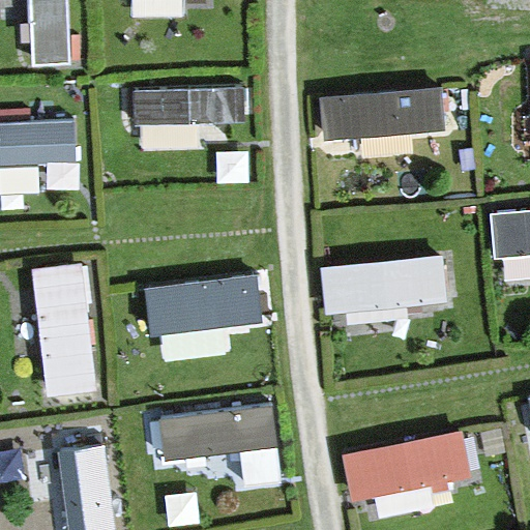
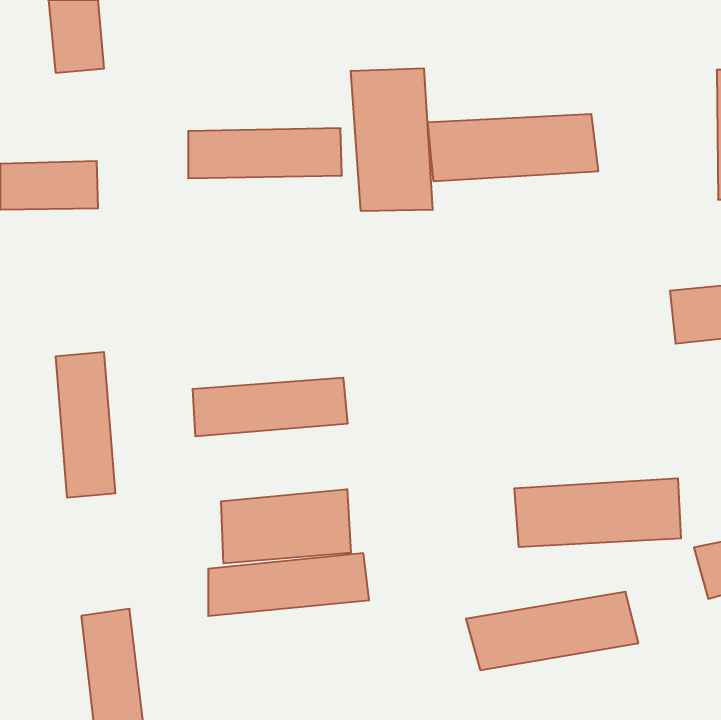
building: none -> [351,68,433,211]
building: [325,261,446,311] -> [514,478,681,547]
building: none -> [221,489,351,563]

